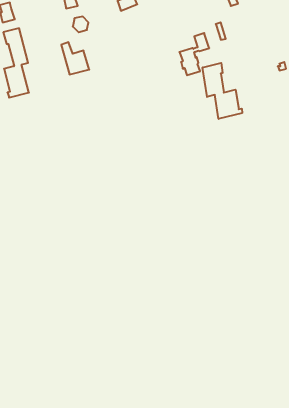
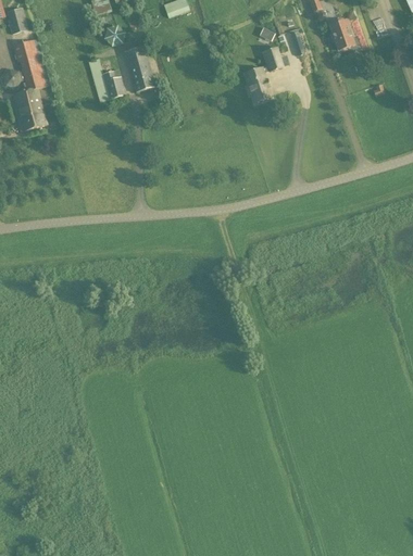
building: none -> [329,18,354,49]
building: none -> [125,45,155,90]
building: [203,63,242,119] -> none

